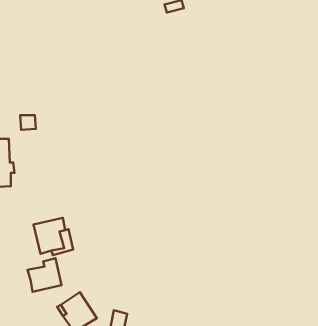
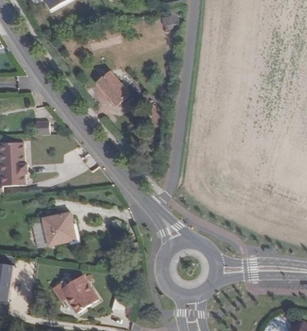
building: none -> [96,65,129,104]
building: [28,258,62,292] -> none

